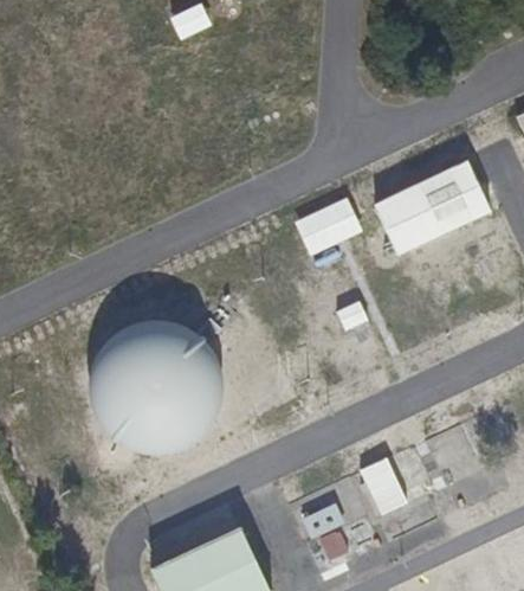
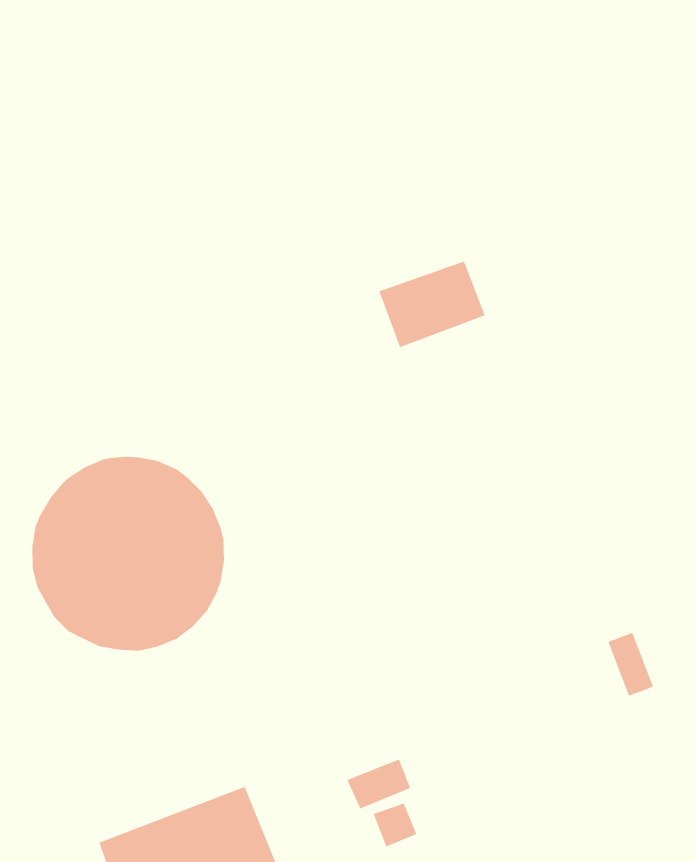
building: [373,161,491,255] -> none
building: [360,458,406,514] -> none

